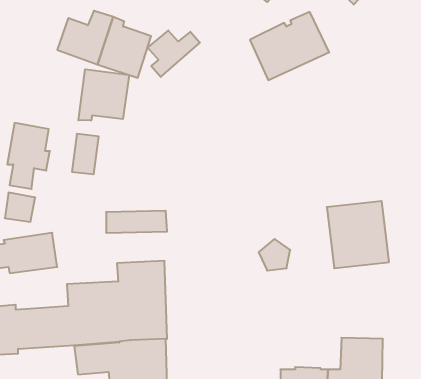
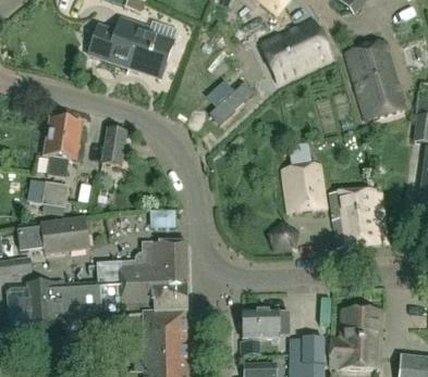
building: [148,30,200,77] -> [207,80,254,122]
building: none -> [346,40,405,120]
building: [78,69,129,121] -> none
building: none -> [284,141,328,212]
building: none -> [243,310,290,338]

